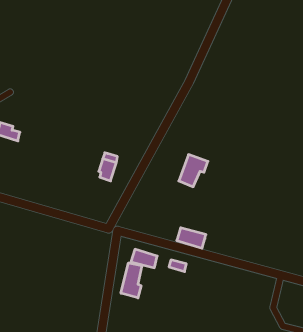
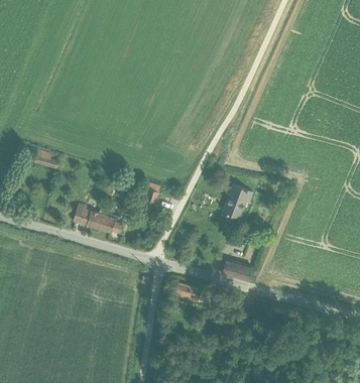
building: none -> [73,202,123,233]
building: [121,263,142,298] -> none

